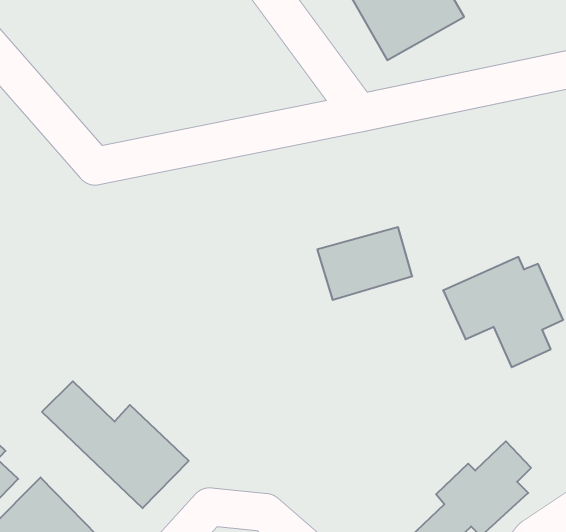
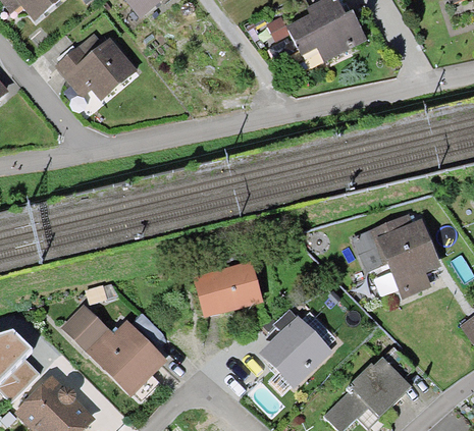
building: none -> [58,43,135,99]
building: [317,227,412,300] -> [191,265,260,318]
building: none -> [259,300,328,386]

